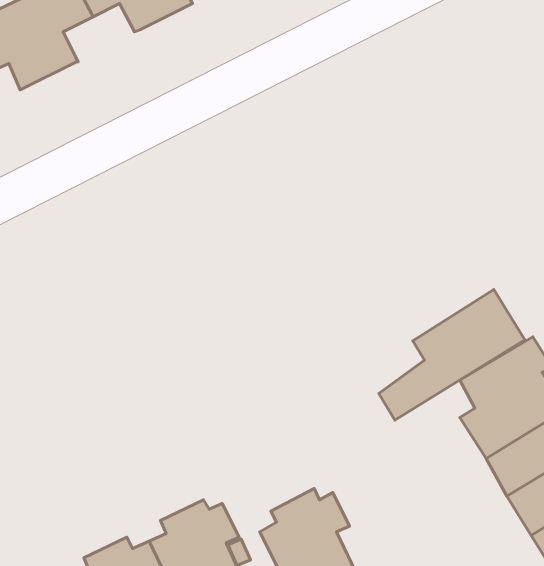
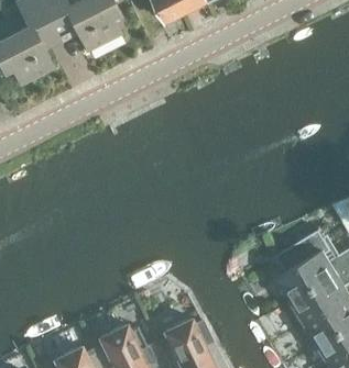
building: [379,289,525,420] -> none

